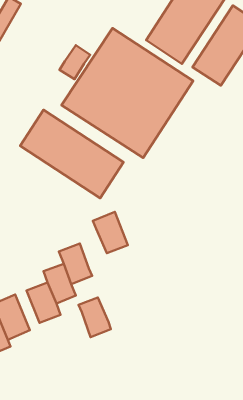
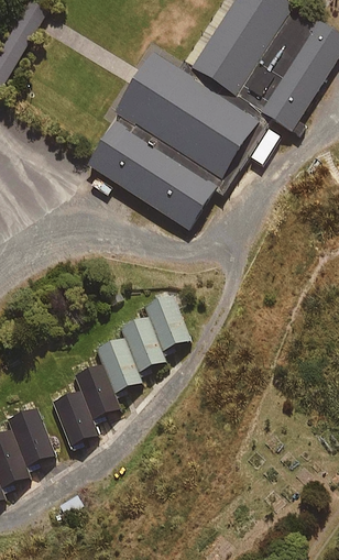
building: [59,45,90,79] -> none
building: [20,110,124,198] -> none
building: [78,297,111,337] -> [105,325,149,378]

